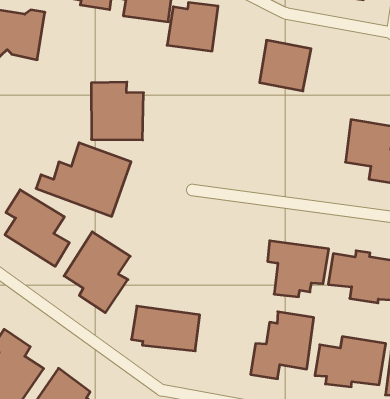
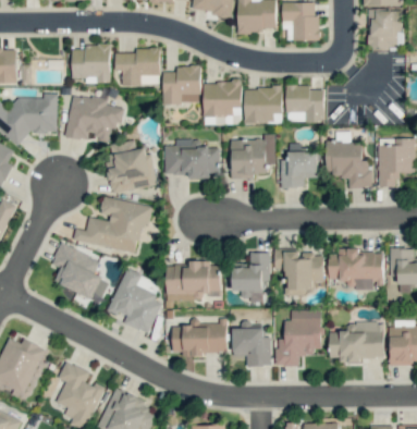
building: none -> [65,95,125,143]
building: none -> [204,82,243,117]
building: none -> [286,85,324,123]
building: none -> [164,139,221,179]
building: none -> [232,134,275,180]
building: none -> [280,144,319,188]
building: none -> [167,261,221,301]
building: none -> [233,253,270,301]
building: none -> [233,328,271,366]

